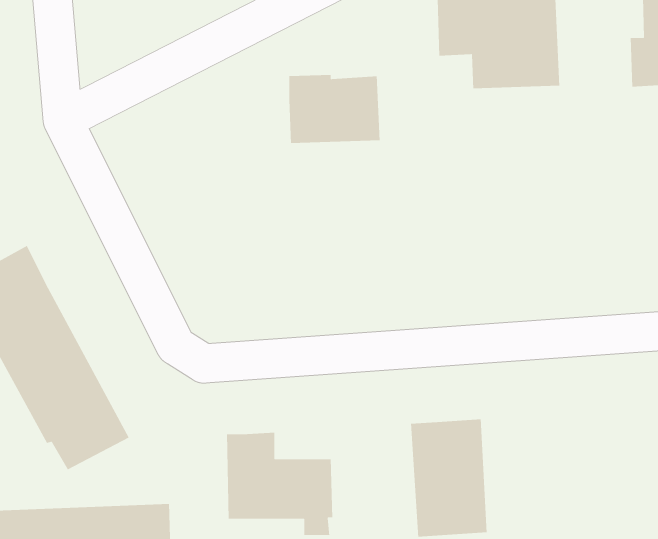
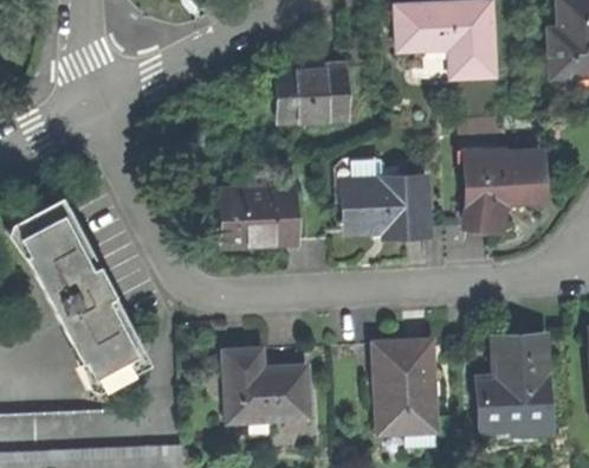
building: none -> [460,116,541,229]
building: none -> [332,169,426,237]
building: none -> [219,187,296,243]
building: none -> [479,334,548,429]

